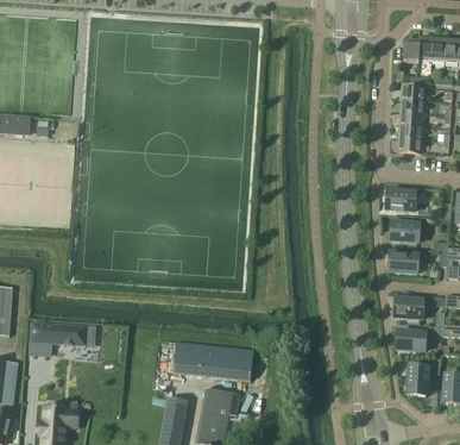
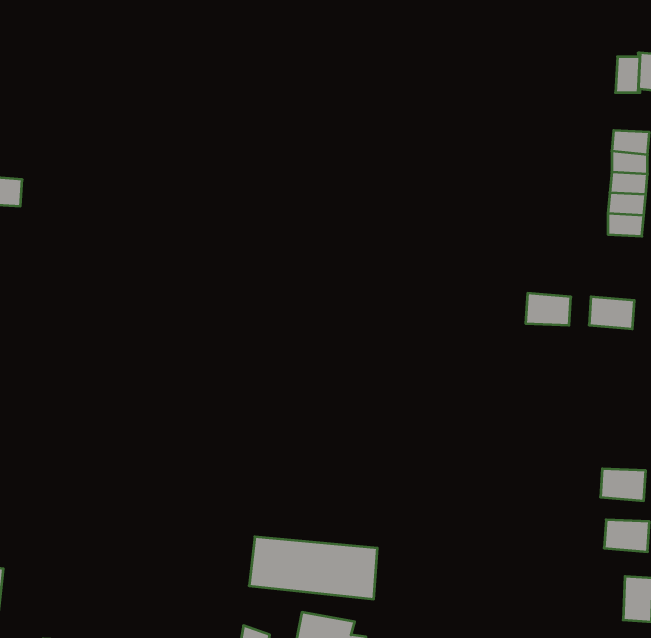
building: [390,220,418,240] -> [526,293,571,325]
building: [389,251,417,271] -> none
building: [30,321,87,344] -> none

